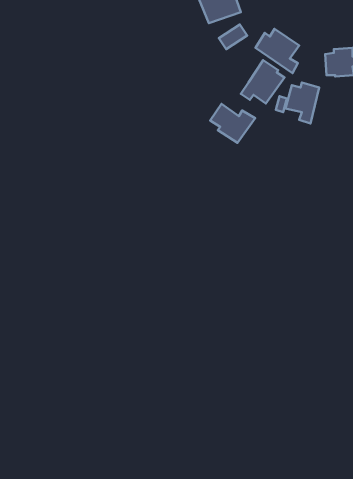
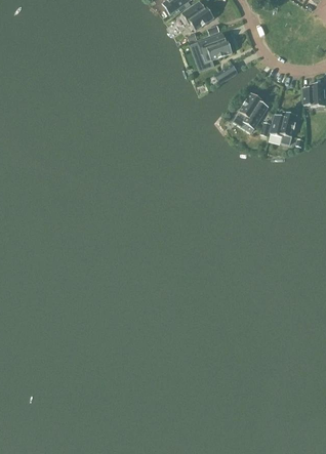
building: [255,29,299,73] -> none
building: [210,104,255,143] -> none

